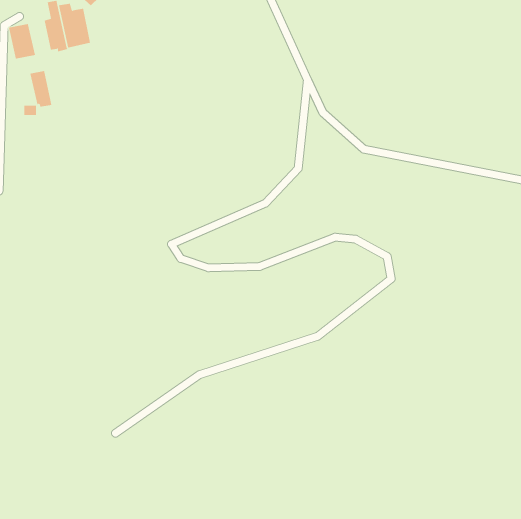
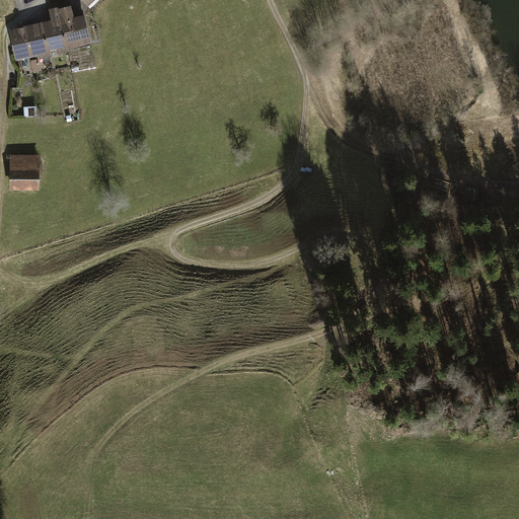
building: [30,70,52,107] -> [28,20,51,57]
building: none -> [9,154,39,188]

